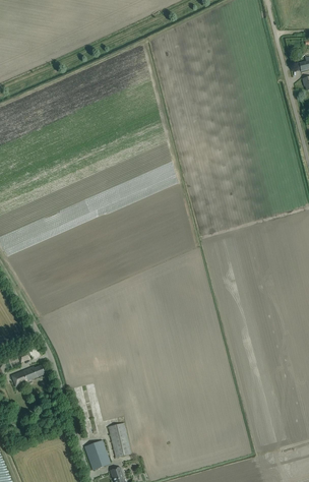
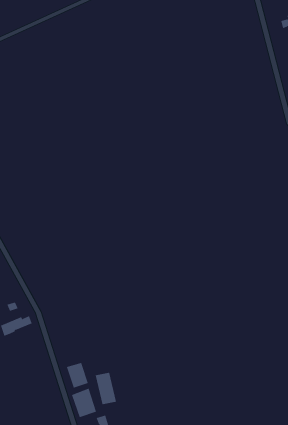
building: none -> [66,362,88,389]

